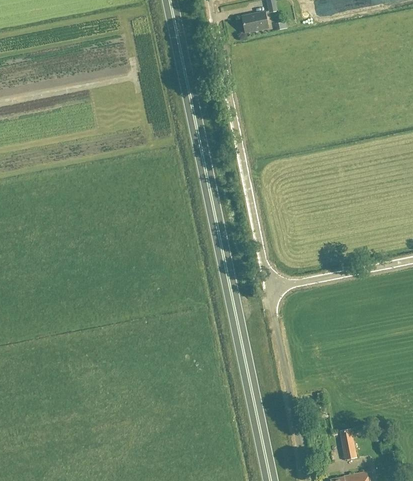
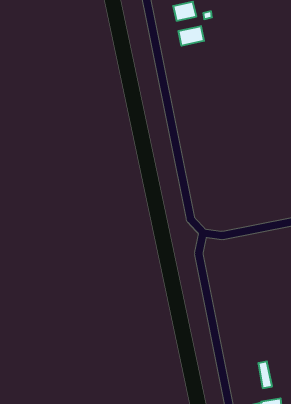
building: none -> [178,26,204,46]

